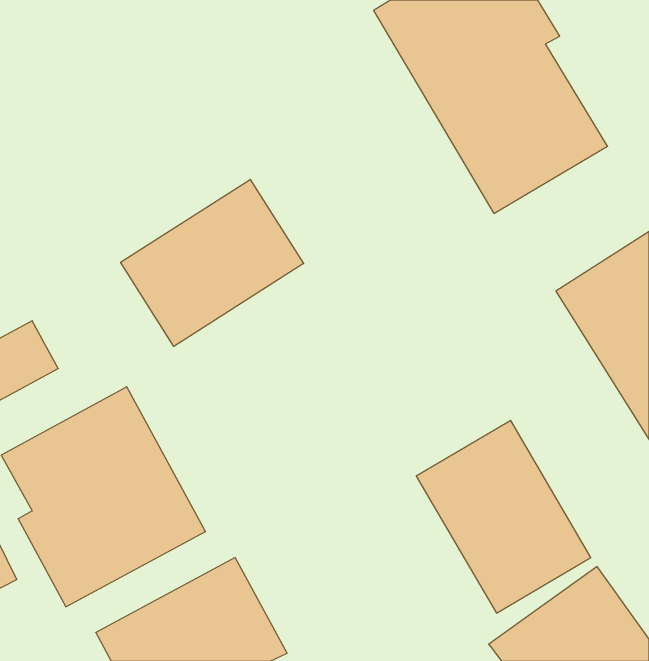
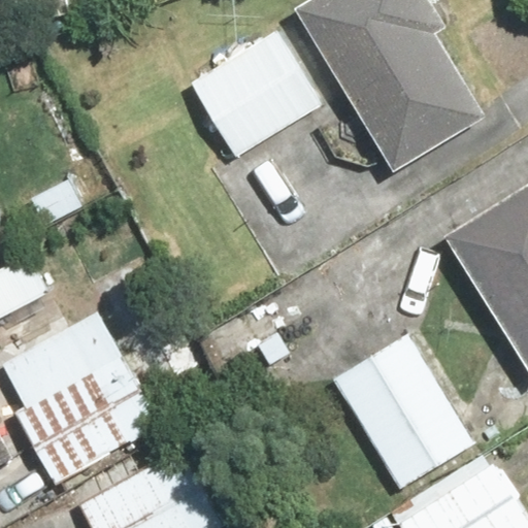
building: none -> [192,31,325,159]
building: [121,179,304,346] -> none

